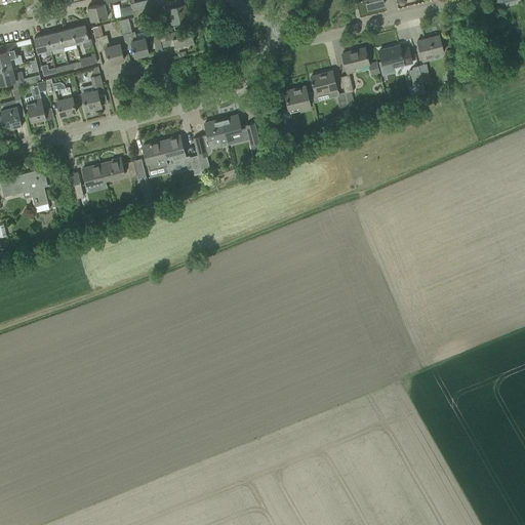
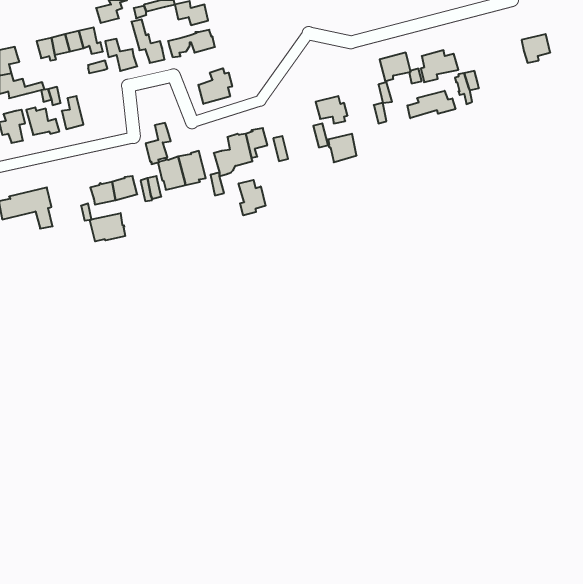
building: [416,35,442,60] -> [522,34,550,63]
building: none -> [198,68,232,104]
building: [310,71,335,96] -> [328,134,357,162]
building: [81,75,104,112] -> [146,123,171,164]
building: none -> [407,91,455,118]
building: none -> [239,180,266,215]
building: none -> [90,213,125,241]

